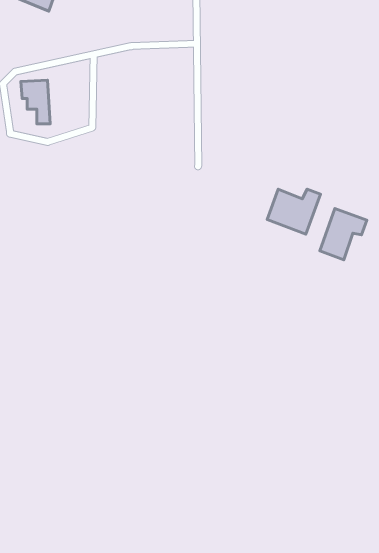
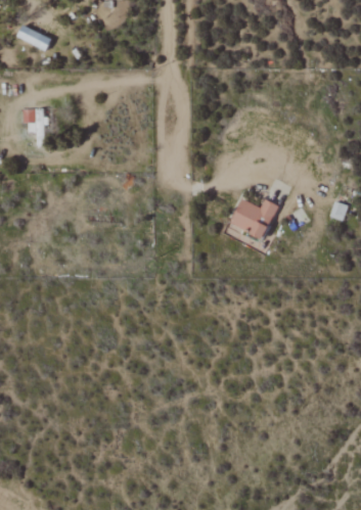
building: [320,209,367,260] -> none

